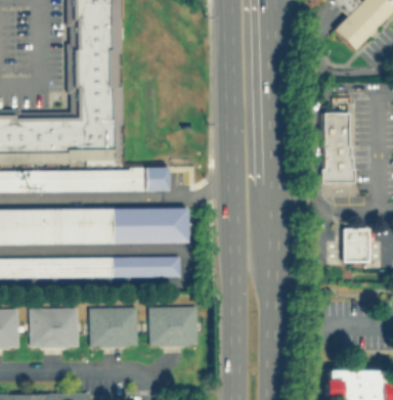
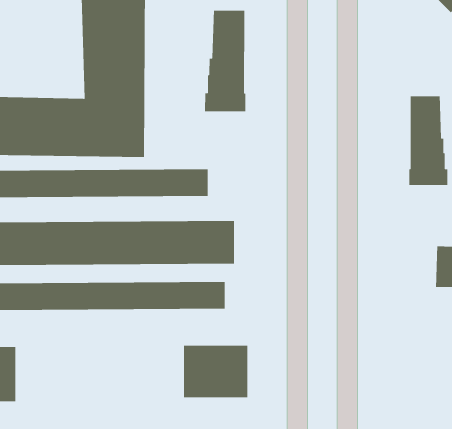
building: none -> [204,10,246,112]
building: [89,306,137,347] -> none
building: [30,308,78,348] -> none

